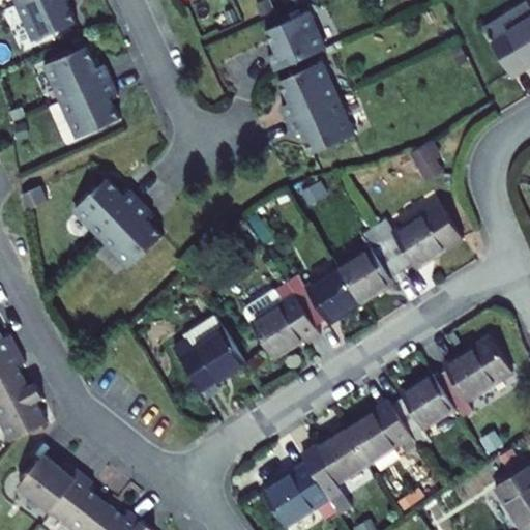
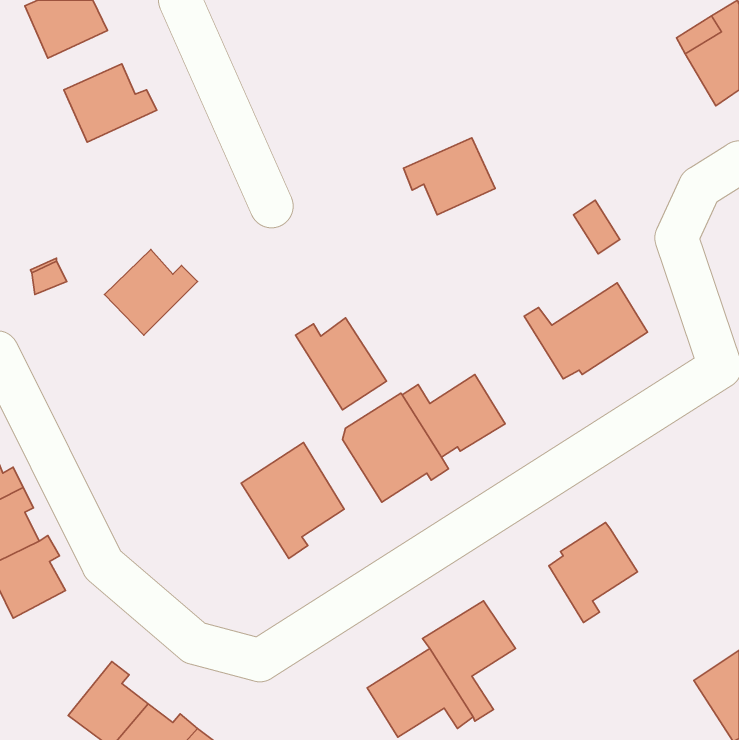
building: [265,14,320,71] -> none
building: [278,62,336,121] -> none
building: [62,80,120,139] -> none
building: [102,202,163,269] -> none
building: [338,227,402,303] -> none
building: none -> [296,318,386,410]
building: [435,337,512,416] -> none
building: [345,401,416,464] -> none
building: [18,454,80,511] -> none

